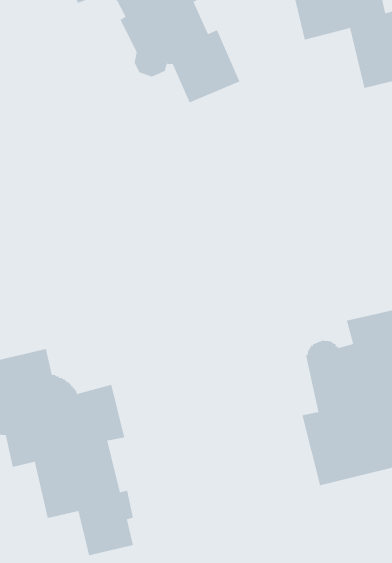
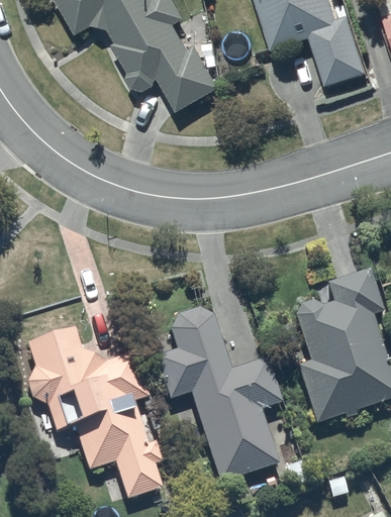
building: none -> [158,306,285,480]

